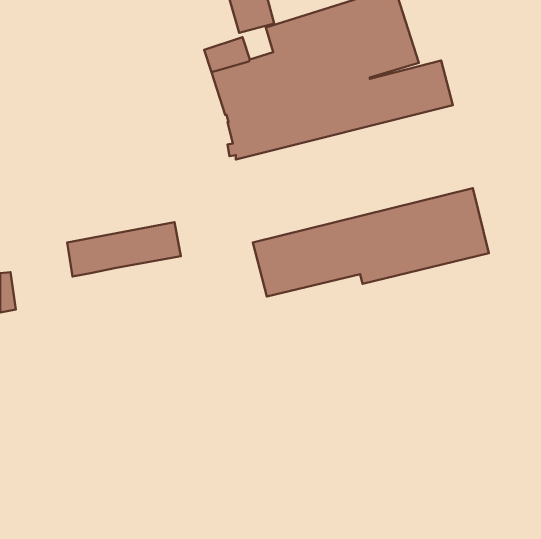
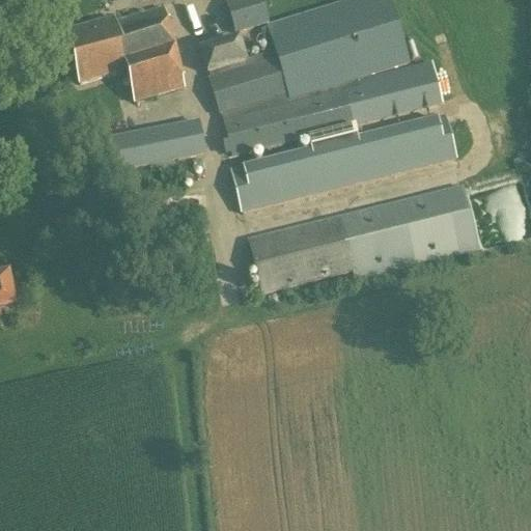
building: none -> [66,5,185,99]
building: none -> [232,114,457,208]
building: [67,222,181,276] -> [92,119,203,172]

